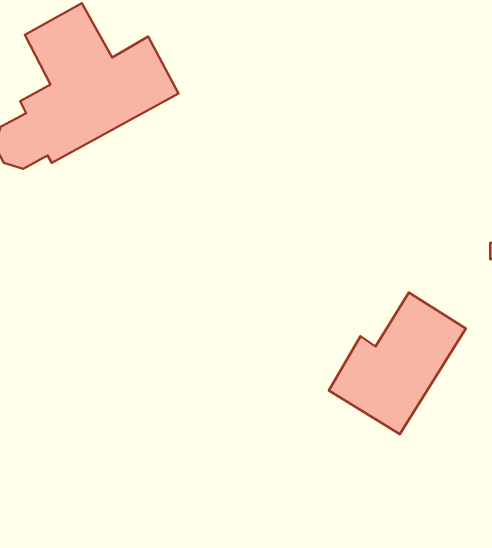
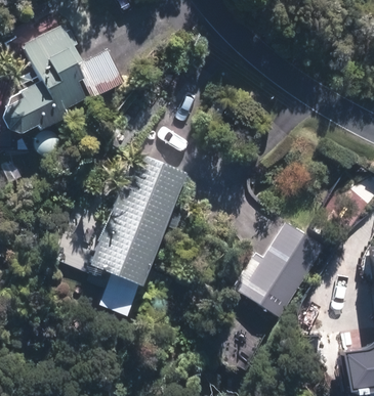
building: none -> [90,155,188,290]

